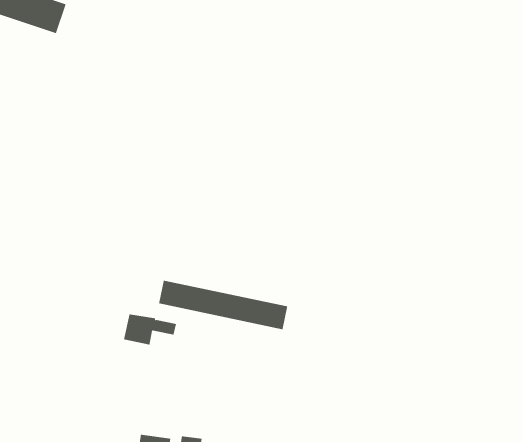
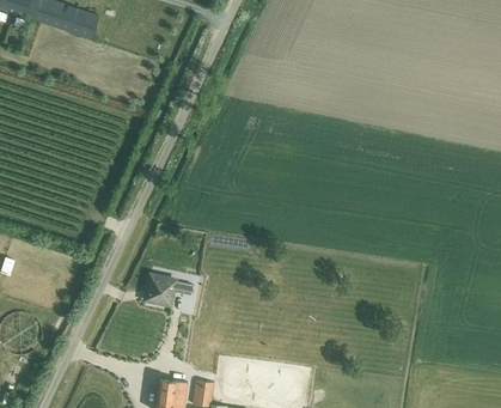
building: [158,280,288,330] -> none

